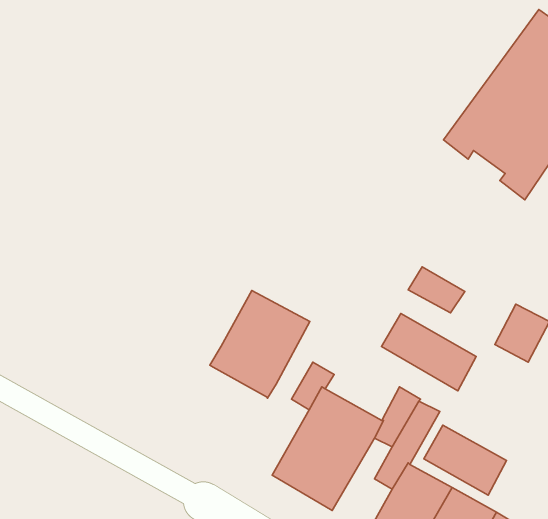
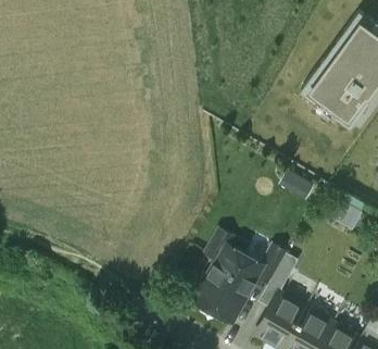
building: [210,290,310,398] -> none
building: [381,313,476,391] -> none
building: [424,425,507,495] -> none

